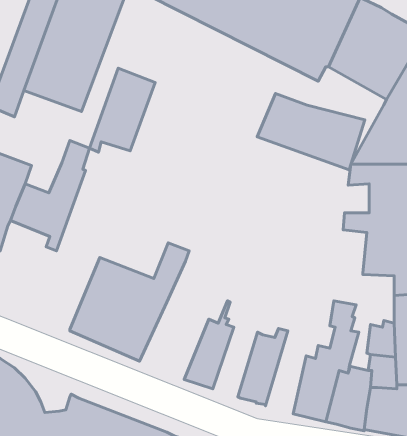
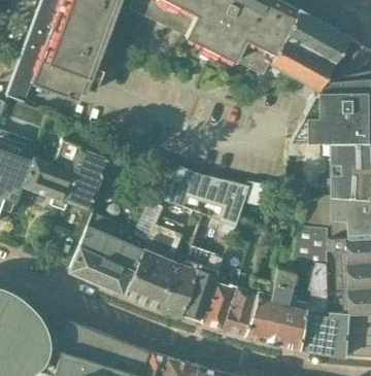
building: [89,68,155,152] -> [60,146,111,212]
building: [257,94,365,170] -> [166,168,250,228]
building: none -> [125,217,186,310]
building: none -> [292,228,325,266]
building: none -> [182,249,225,323]
building: none -> [224,272,256,337]

